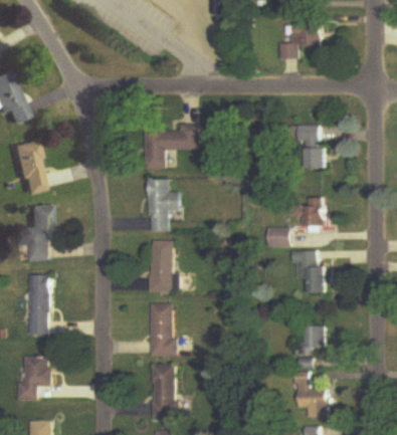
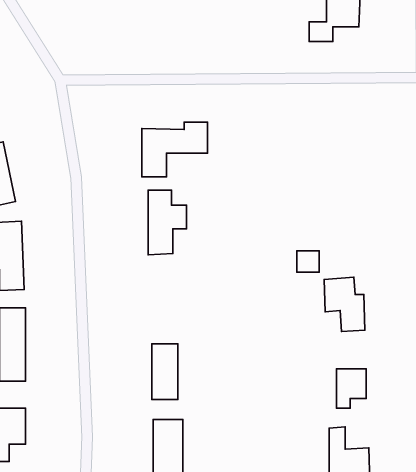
building: [295,126,322,170] -> none
building: [302,198,325,226] -> none
building: [150,241,172,292] -> none

